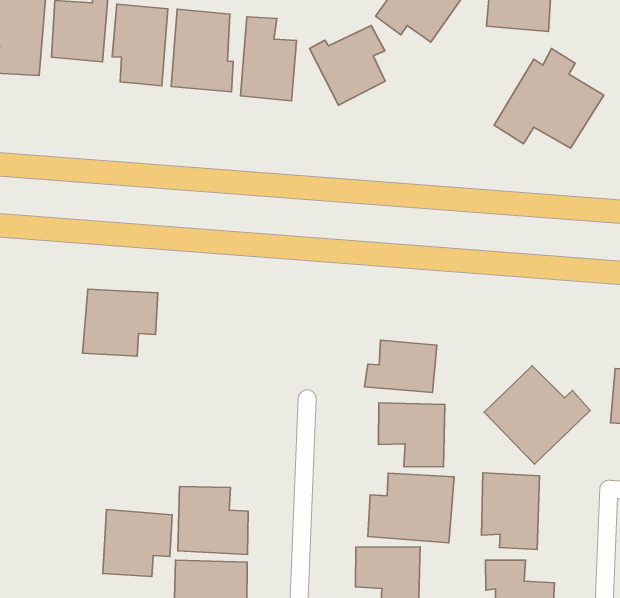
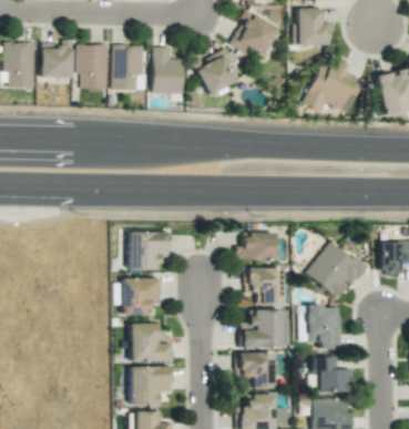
building: [83,289,158,356] -> [129,232,171,269]
building: [103,509,172,576] -> [122,277,161,315]

